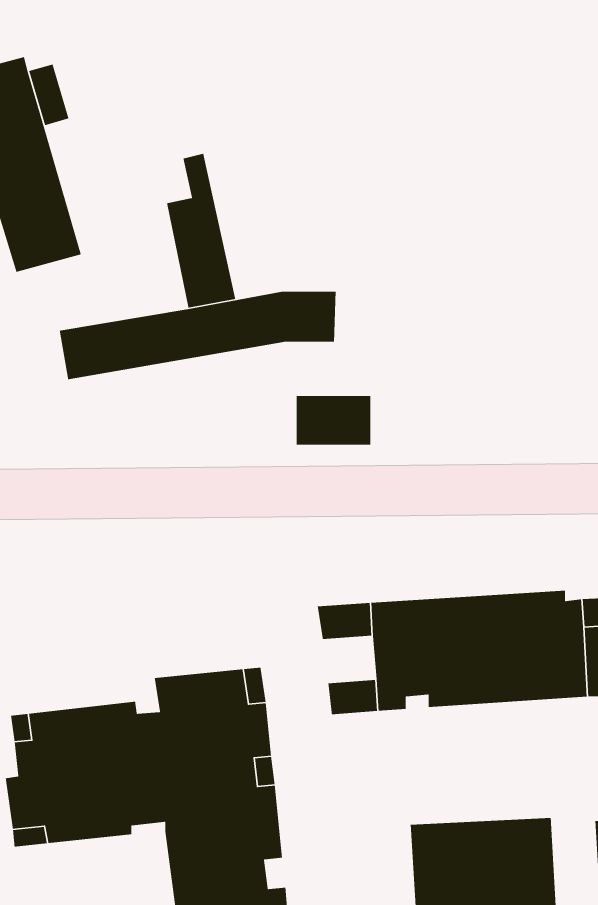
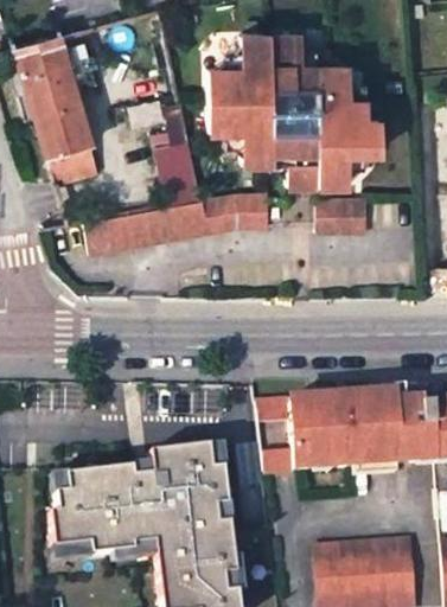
building: none -> [210,33,382,186]
building: [296,395,371,445] -> [315,202,365,235]

